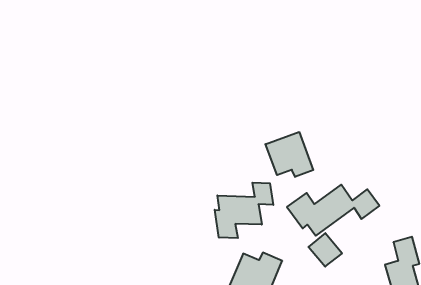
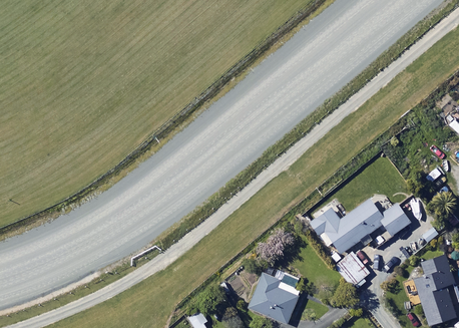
building: [265,132,313,177] -> none
building: [215,183,273,238] -> none

